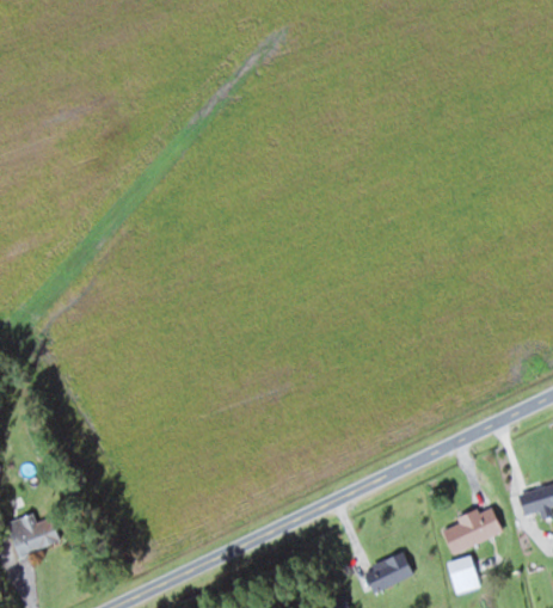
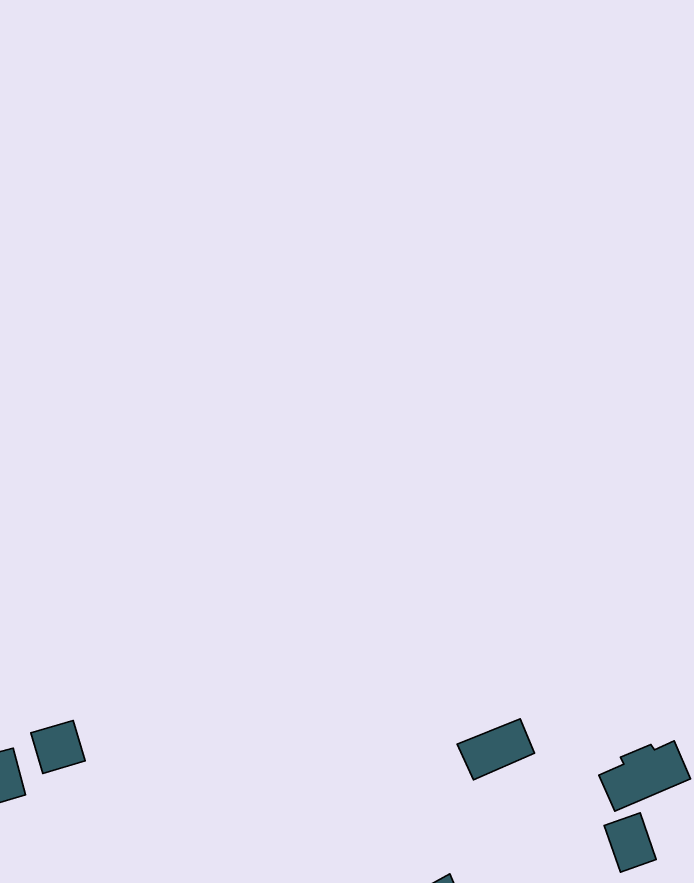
building: none -> [31,720,85,773]
building: [362,553,413,594] -> [457,719,534,780]

